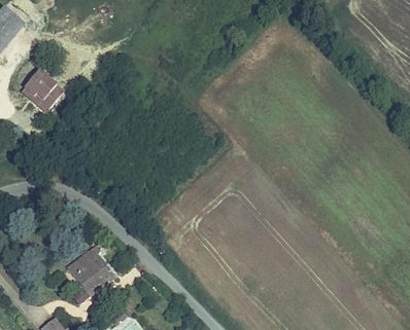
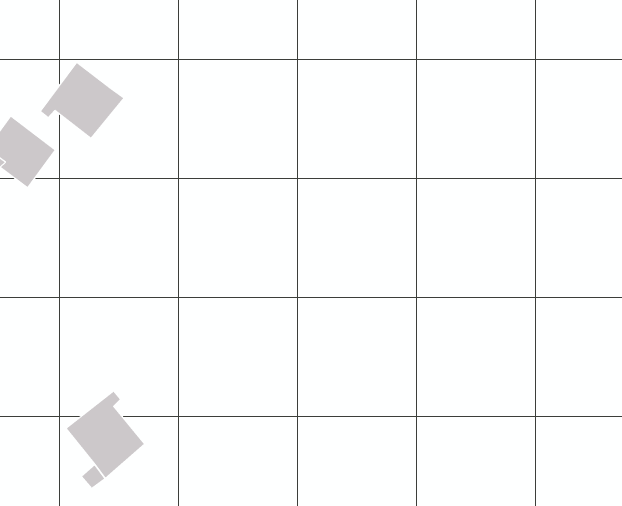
building: none -> [40,62,124,139]

